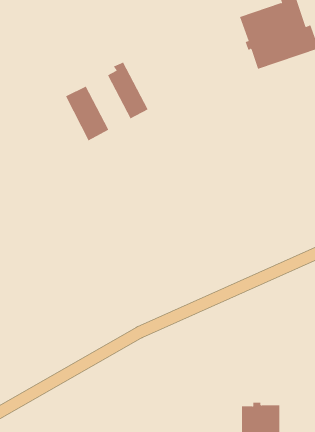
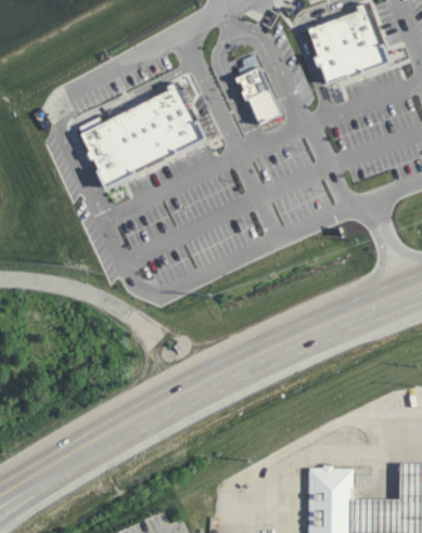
building: none -> [232,67,281,129]
building: none -> [131,95,181,157]
building: none -> [78,119,133,185]

